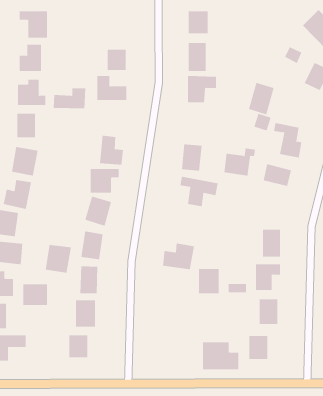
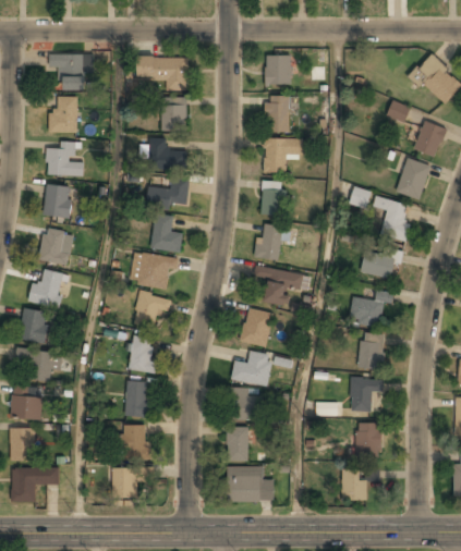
building: none -> [137,58,189,90]
building: [248,82,275,115] -> [397,158,430,200]
building: [53,88,86,109] -> [147,177,190,205]
building: none -> [262,182,284,216]
building: [223,148,256,176] -> [350,291,391,327]
building: none -> [240,307,275,347]
building: [45,244,72,273] -> none
building: [198,268,220,294] -> [230,388,257,420]
building: [23,284,48,306] -> none
building: none -> [227,427,248,461]
building: [202,342,239,370] -> [227,466,274,502]

